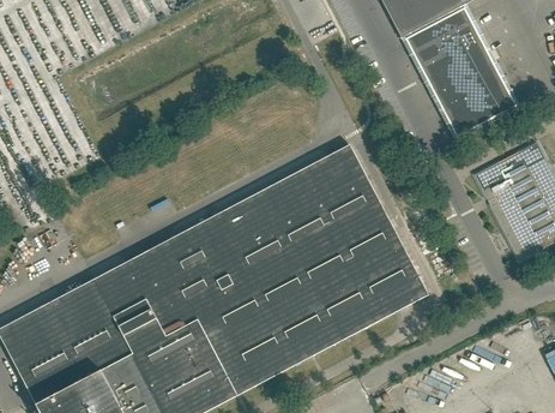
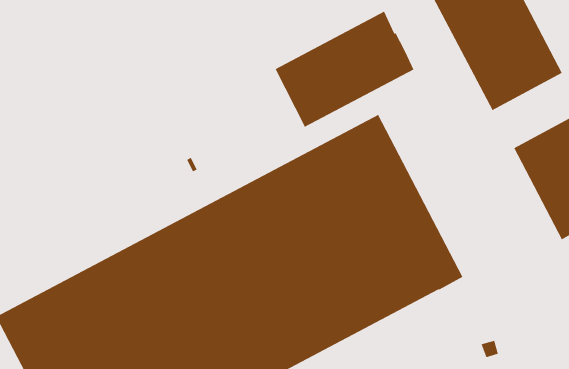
building: none -> [275,10,415,128]

